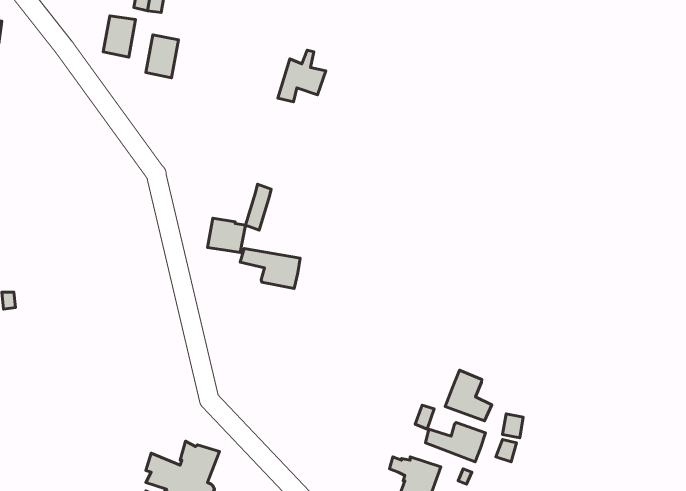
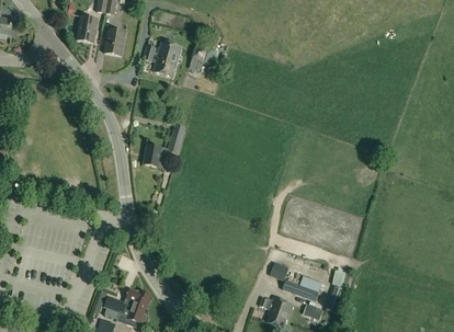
building: none -> [144,39,181,76]
building: [240,249,300,289] -> none
building: [445,370,492,421] -> none

